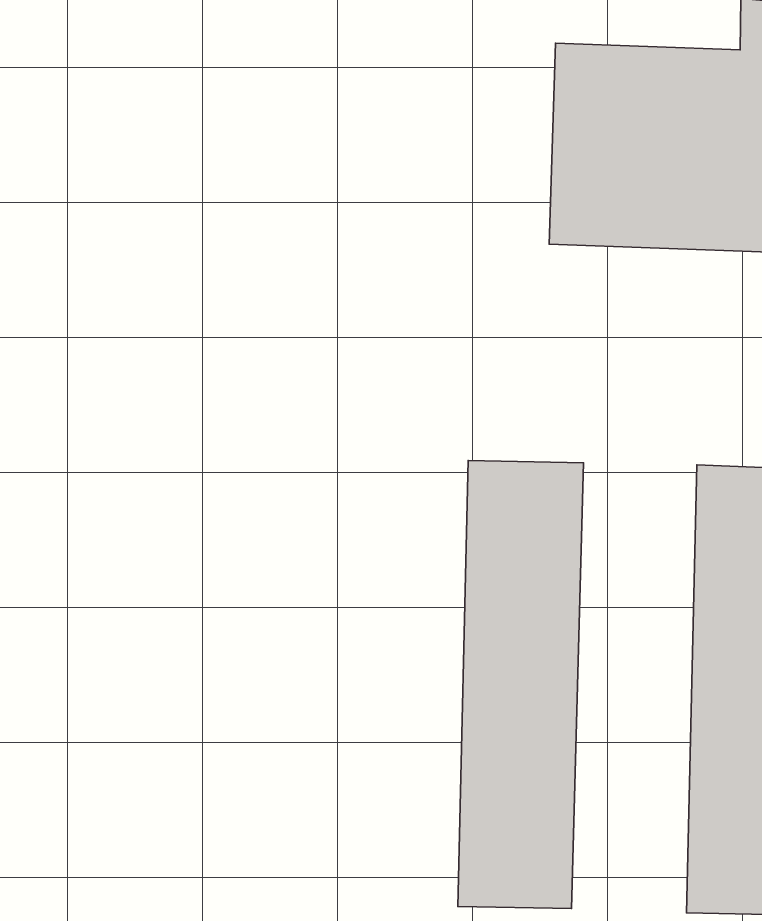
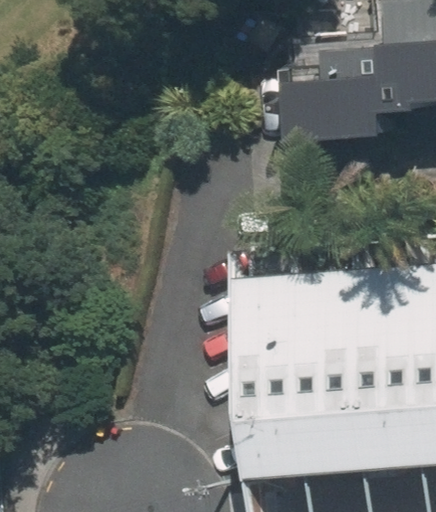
building: none -> [321,251,393,479]

